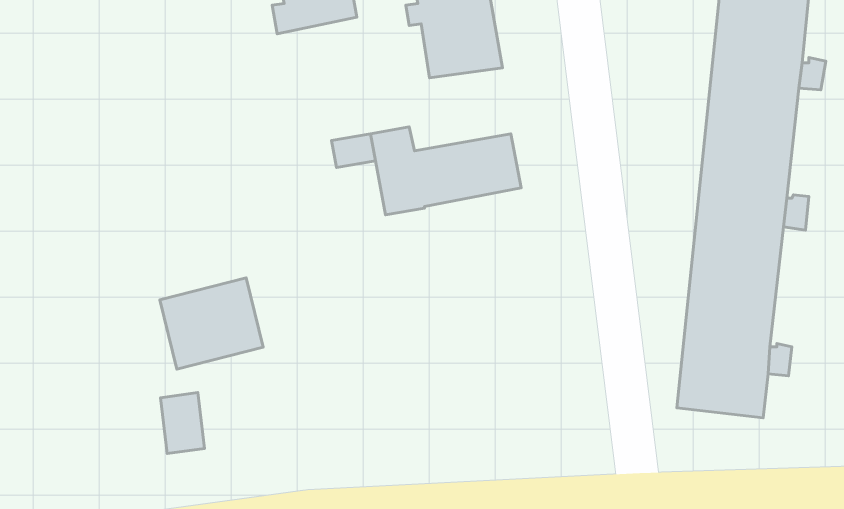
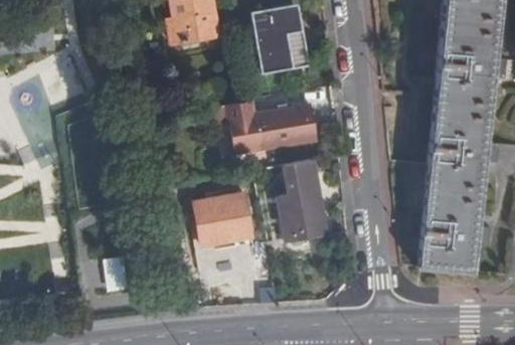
building: none -> [283,159,330,239]
building: [160,278,263,369] -> [195,193,256,247]

